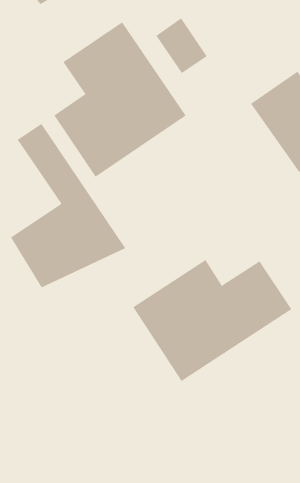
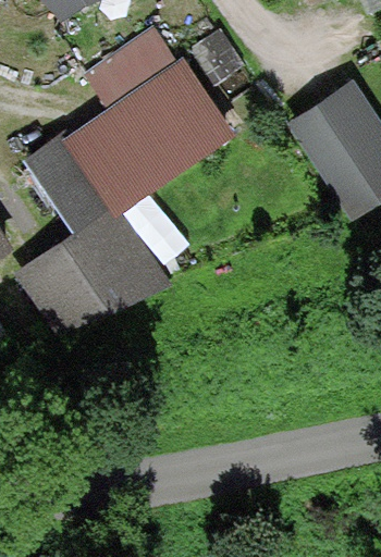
building: [133,259,292,382] -> none

